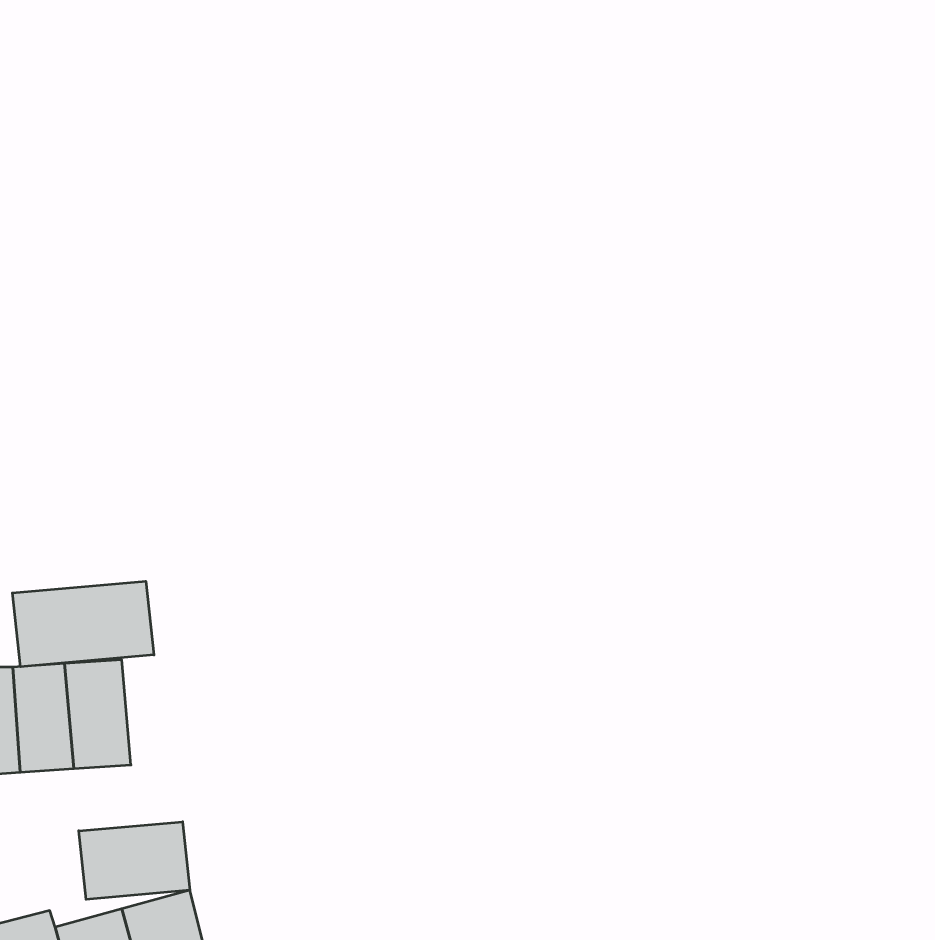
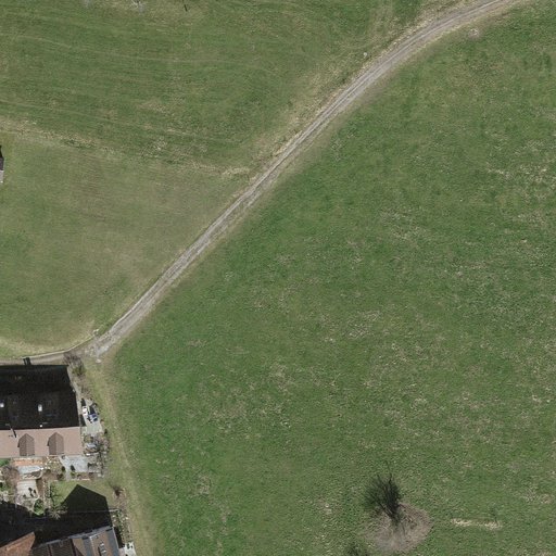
building: [12,581,154,667] -> none
building: [79,822,190,899] -> none

